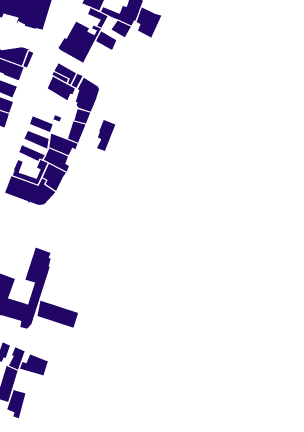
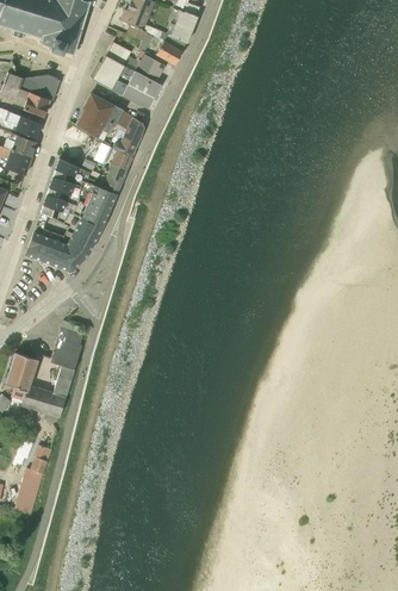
building: [136,6,162,38] -> none
building: none -> [122,71,160,108]
building: [96,119,116,152] -> none
building: [37,300,79,329] -> none
building: [19,354,49,376] -> none
building: [6,389,26,419] -> none

